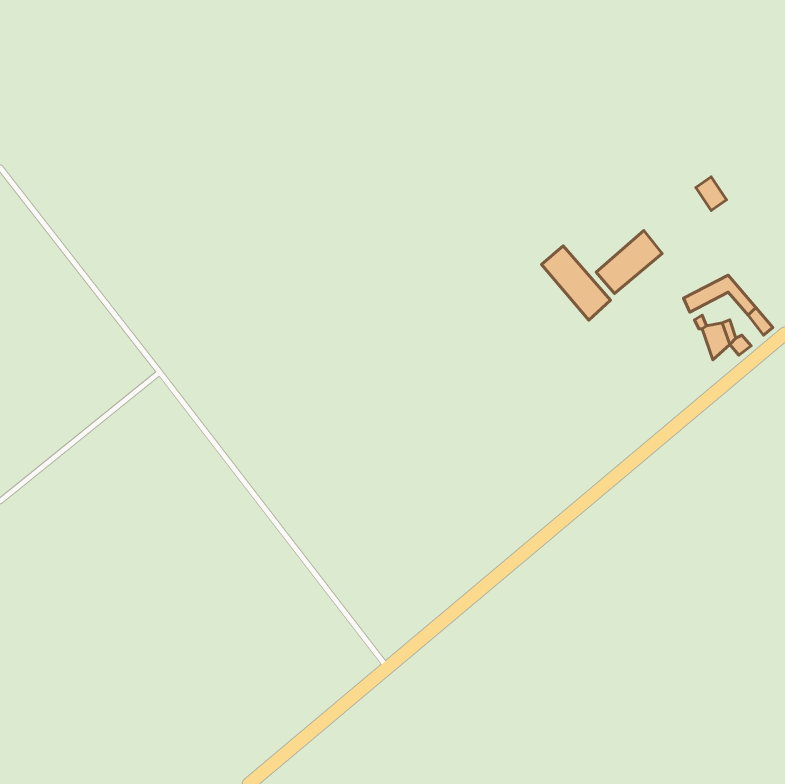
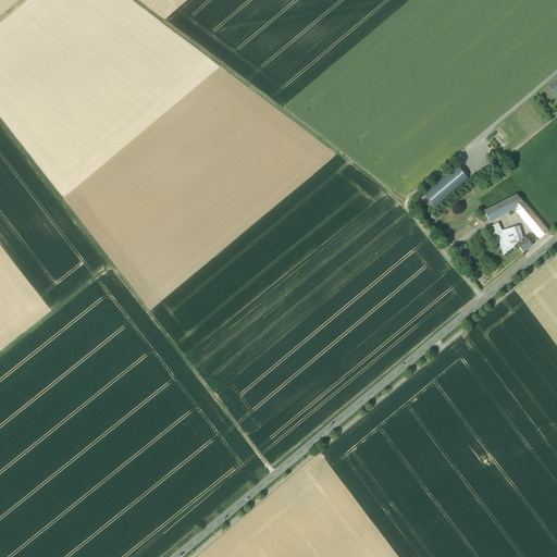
building: [541,246,610,320] -> none

